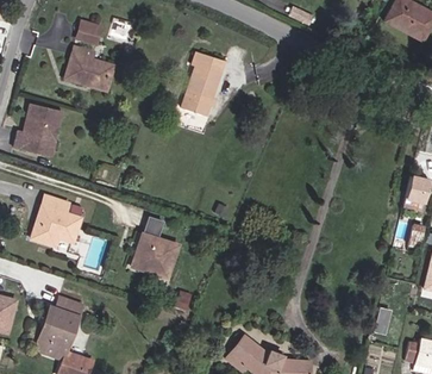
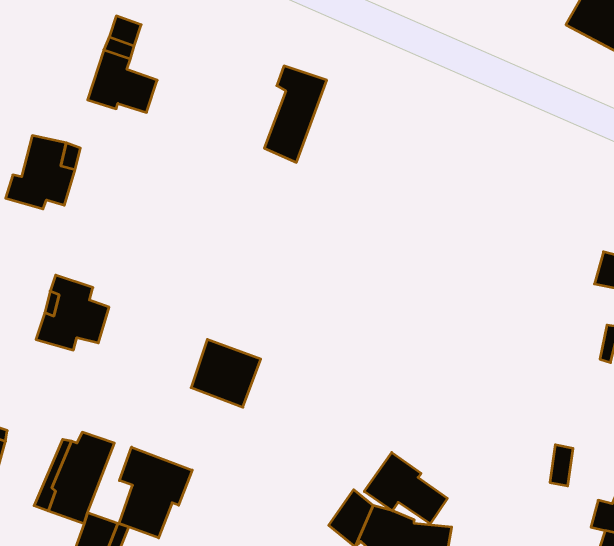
building: none -> [119,447,192,538]
building: none -> [364,452,447,524]

